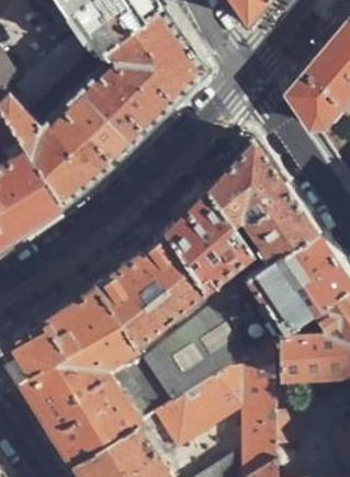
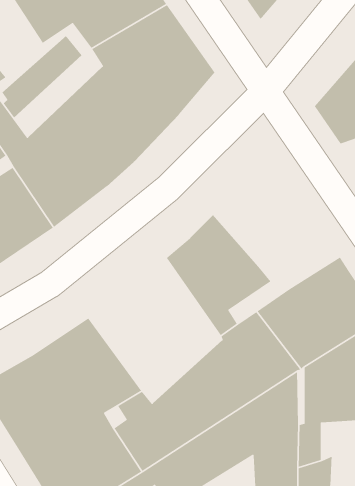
building: [203,141,315,261] -> none
building: [93,234,211,362] -> none

